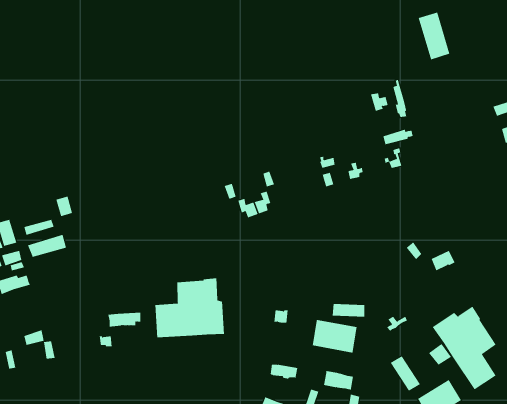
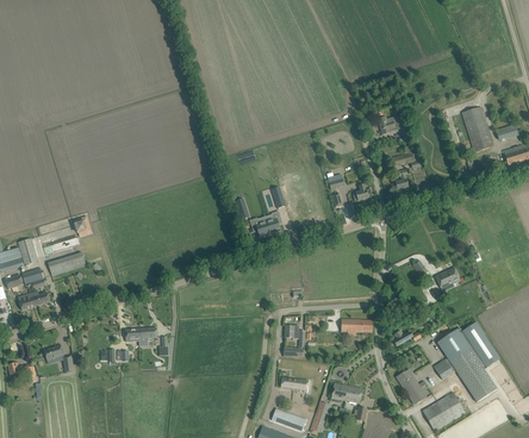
building: [418,12,450,60] -> [462,106,493,152]
building: [155,278,224,338] -> none
building: [312,319,357,353] -> none

